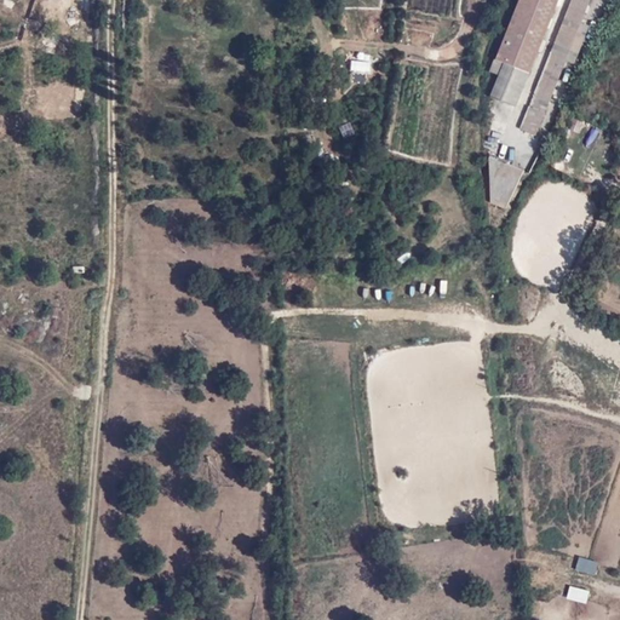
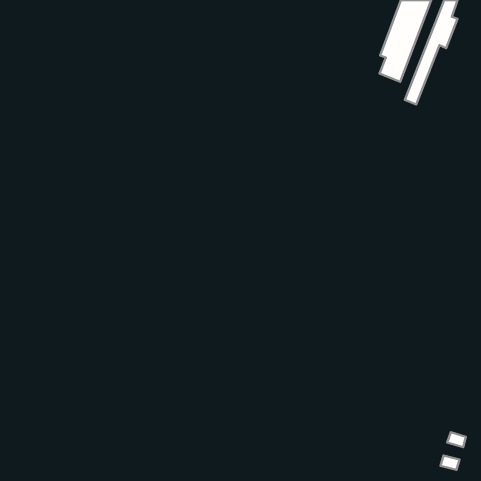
building: [489,156,523,207] -> none

